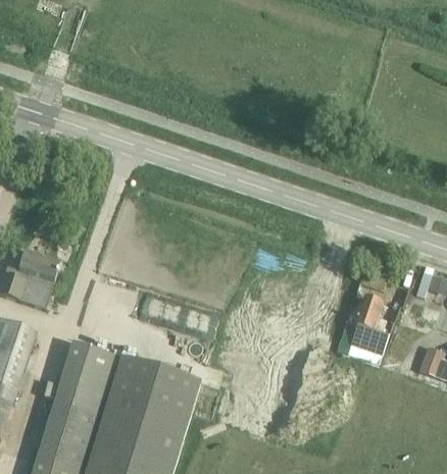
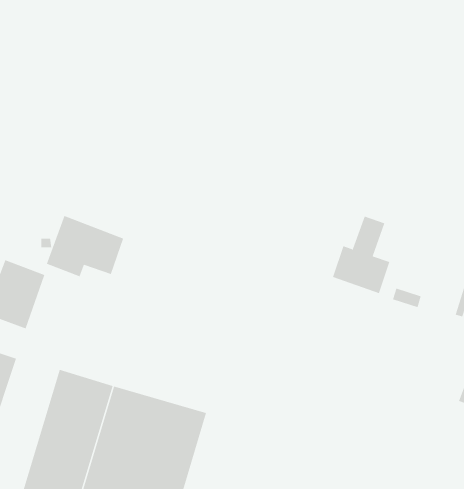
building: none -> [46,215,124,277]
building: [338,294,388,361] -> [332,216,390,294]

